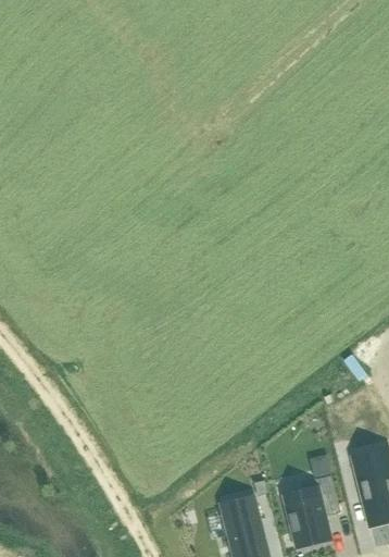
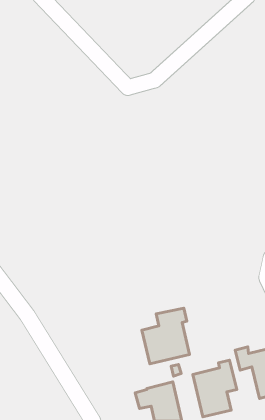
building: none -> [142,308,189,364]

